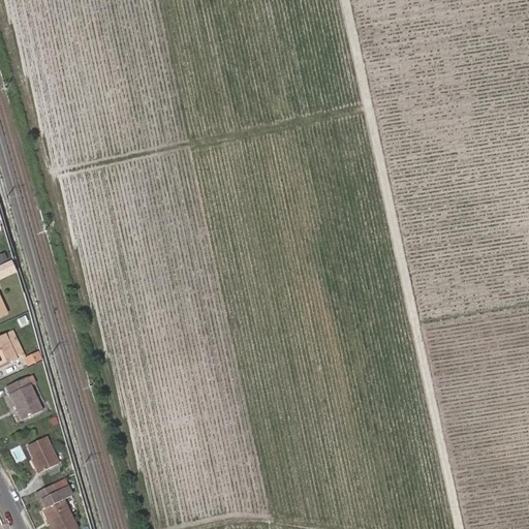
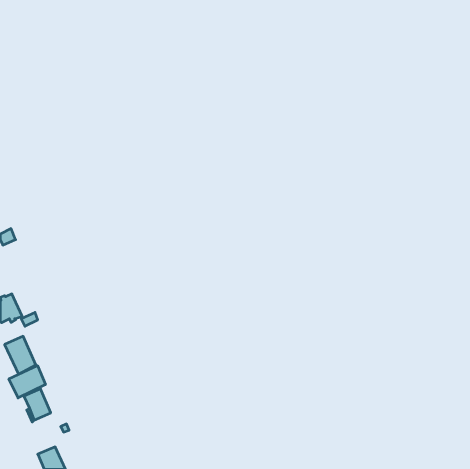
building: none -> [9,366,45,398]
building: [35,478,70,509] -> none

